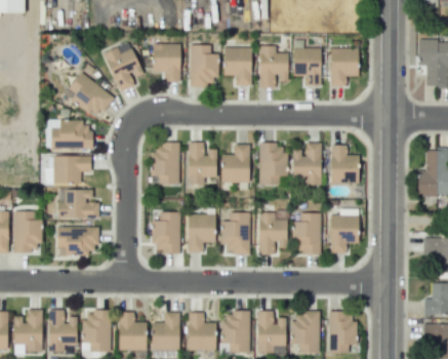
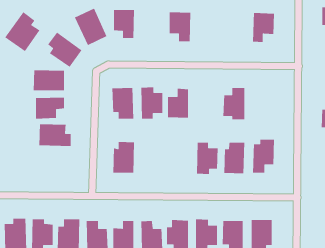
building: [190,44,218,87] -> none
building: [259,45,288,87] -> none
building: none -> [4,11,41,52]
building: [293,47,320,85] -> none
building: [258,143,286,185] -> none
building: [330,145,358,183] -> none
building: [13,211,42,252] -> none
building: [220,212,249,253] -> none
building: [188,213,215,252] -> none
building: [56,226,98,254] -> none

